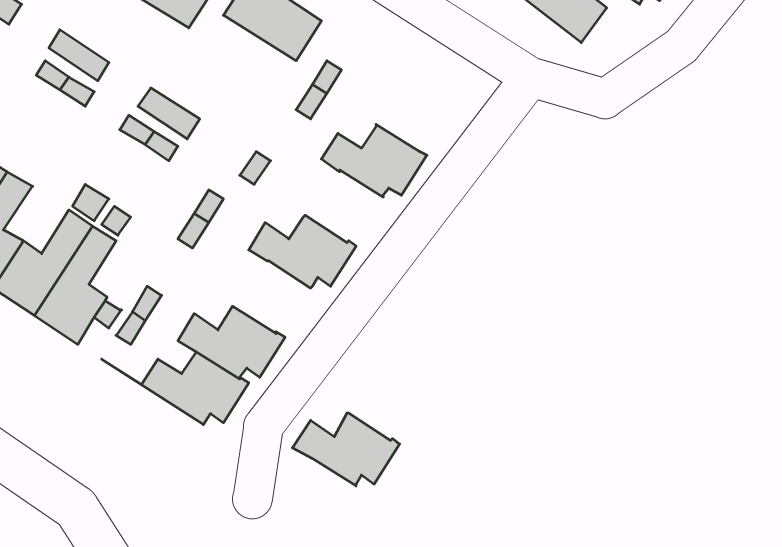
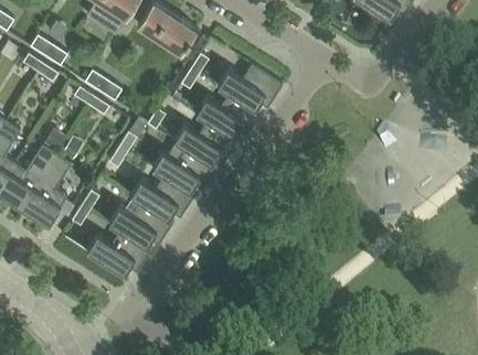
building: none -> [217,65,283,109]
building: none -> [174,120,240,164]
building: [292,413,400,486] -> [130,175,195,219]

